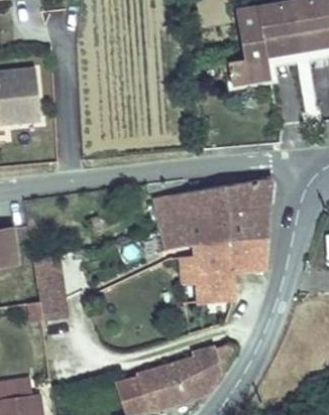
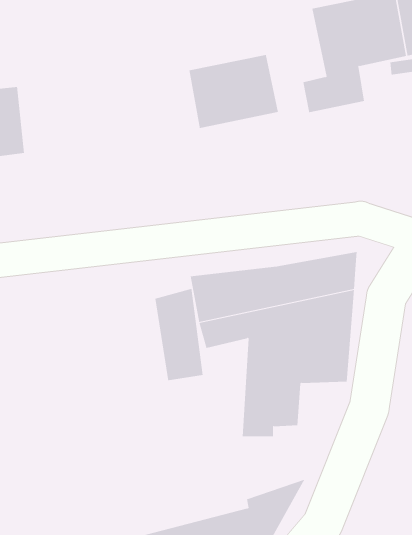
building: none -> [189,54,278,129]
building: [31,254,66,318] -> [154,288,204,381]

